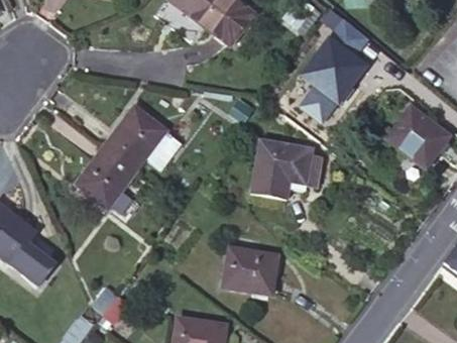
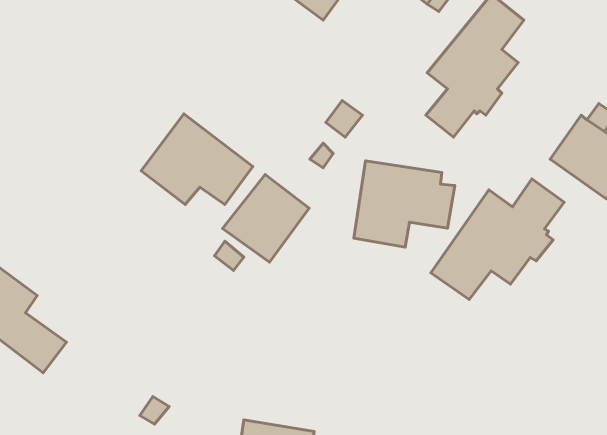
building: [76,146,135,207] -> [223,174,309,262]
building: none -> [431,179,564,300]
building: [223,248,276,294] -> none

